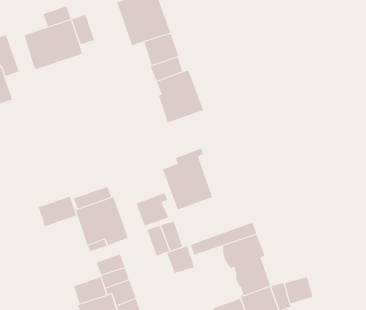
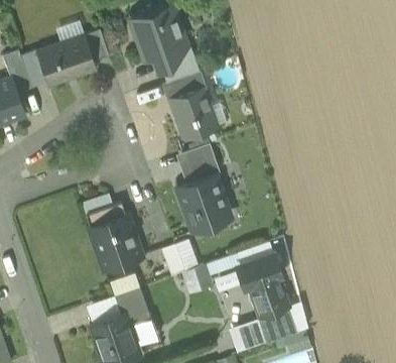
building: none -> [21,51,46,89]
building: none -> [182,144,218,176]
building: [136,192,169,227] -> none
building: [38,196,77,226] -> none
building: [284,277,313,304] -> none

